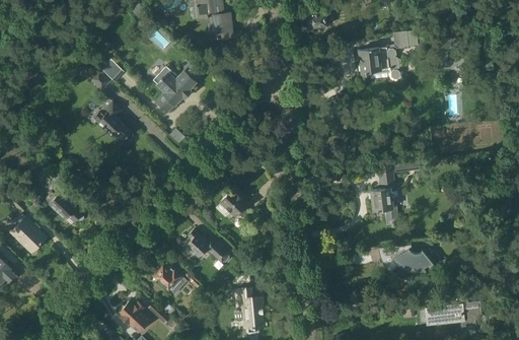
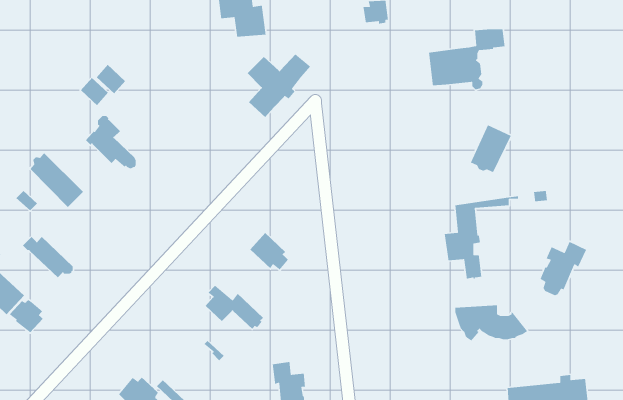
building: [153,64,203,114] -> [247,53,311,118]
building: none -> [470,124,512,173]
building: none -> [29,153,84,208]
building: none -> [539,241,587,296]
building: none -> [9,299,44,333]
building: [153,265,188,294] -> none

